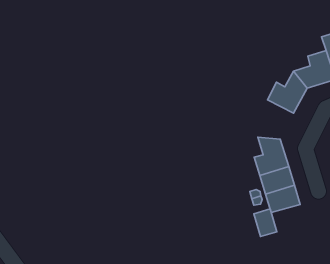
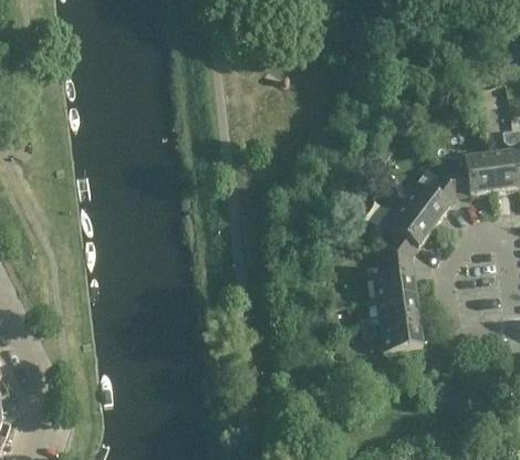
building: none -> [383,201,435,255]
building: [254,209,277,237] -> none

